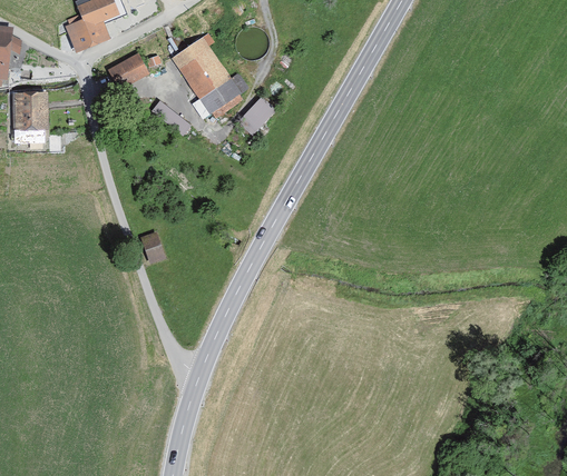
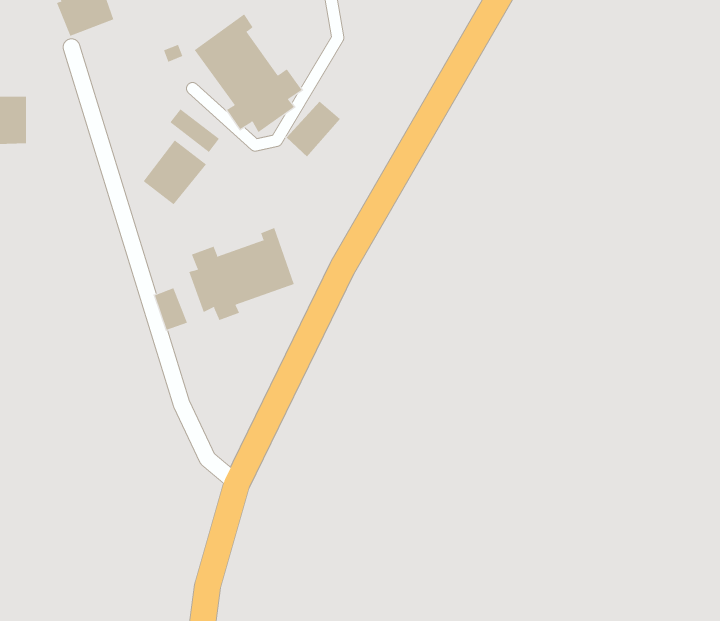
building: [106,56,146,90] -> none
building: none -> [143,140,207,205]
building: none -> [189,227,294,321]

